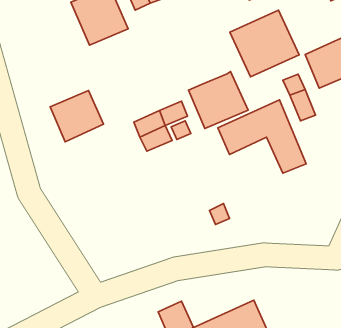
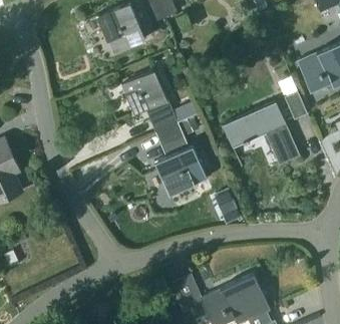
building: [230,10,299,77] -> none
building: [189,72,248,129] -> [155,145,207,195]
building: [50,91,104,142] -> [121,70,167,114]

